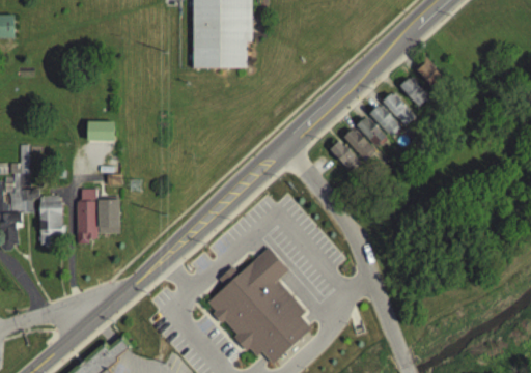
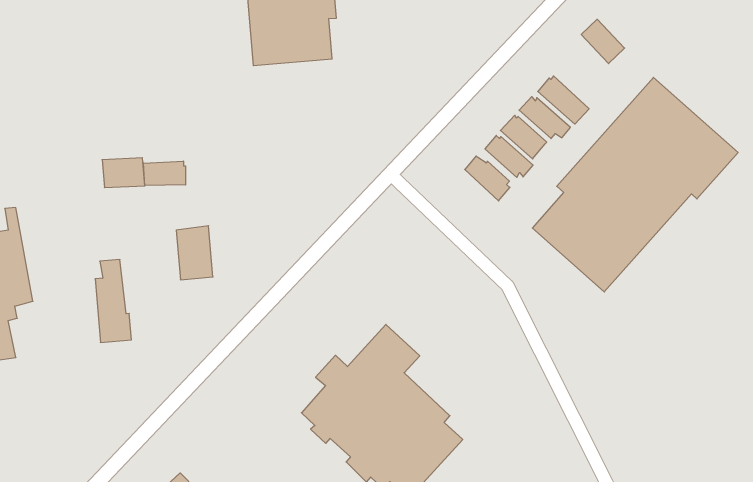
building: [399,76,429,106] -> none
building: none -> [532,77,738,292]
building: none -> [144,161,186,186]
building: [99,199,120,233] -> [176,226,213,280]
building: [39,201,64,247] -> none

